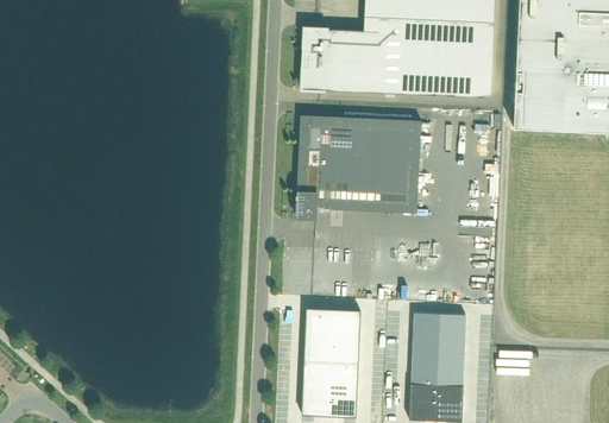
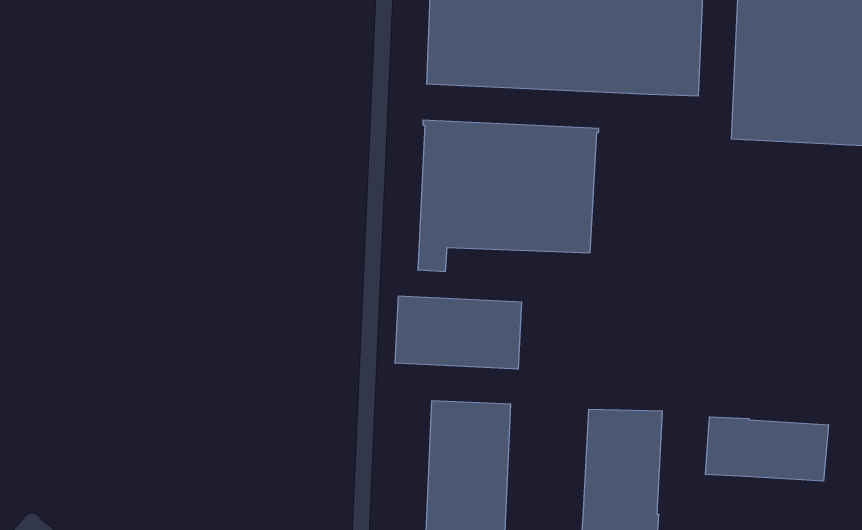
building: none -> [395,296,521,369]
building: none -> [706,417,828,481]

